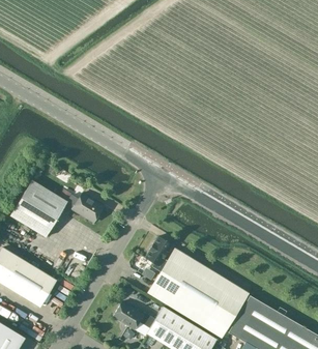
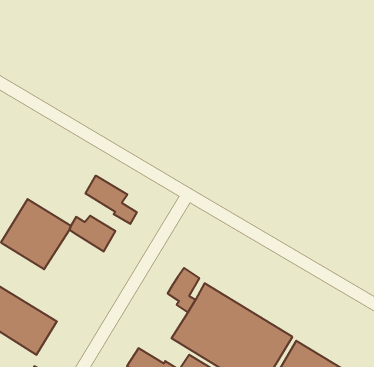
building: none -> [86,176,137,224]

